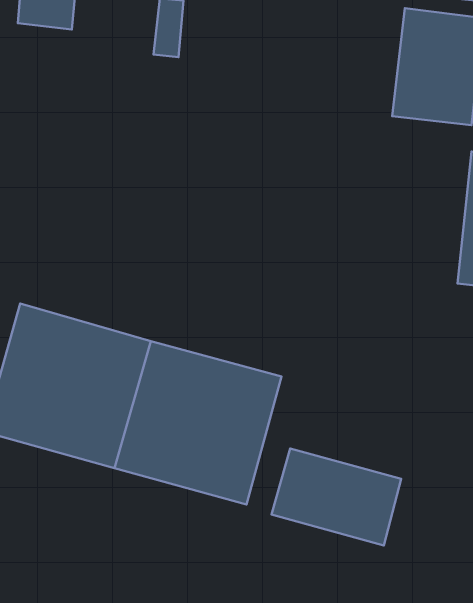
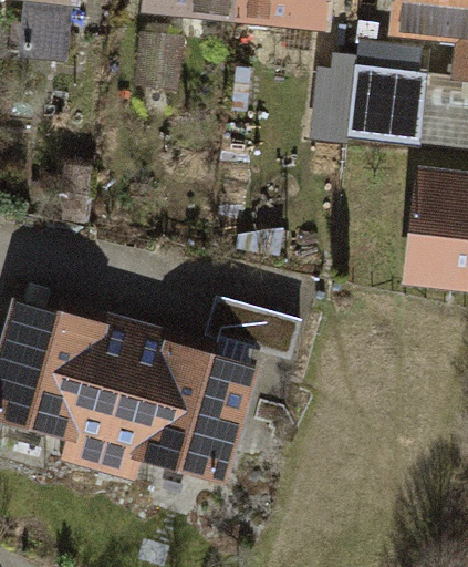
building: none -> [207,298,305,372]
building: [272,448,401,545] -> none

